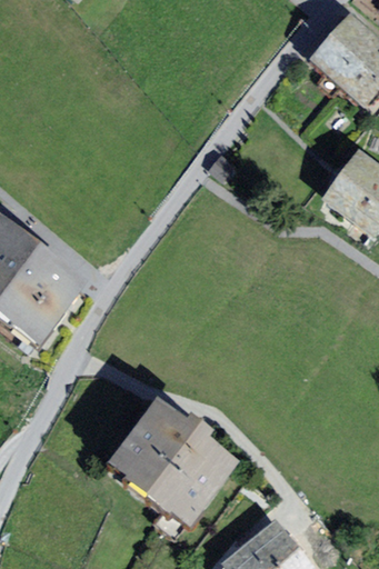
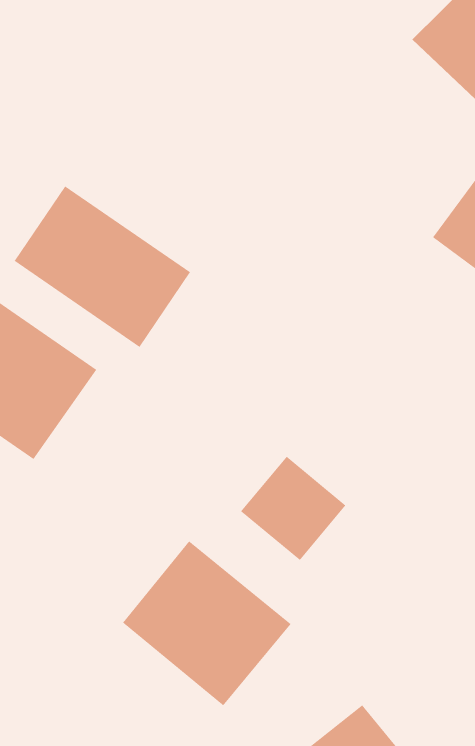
building: none -> [14,185,191,348]
building: none -> [240,456,346,561]

